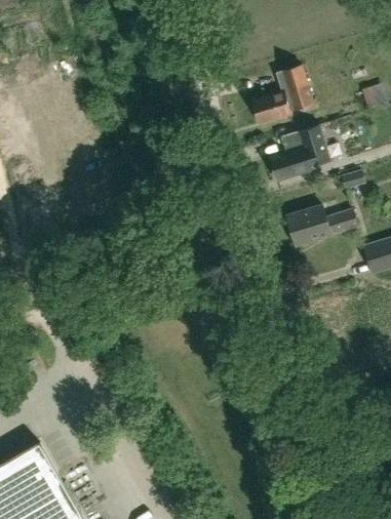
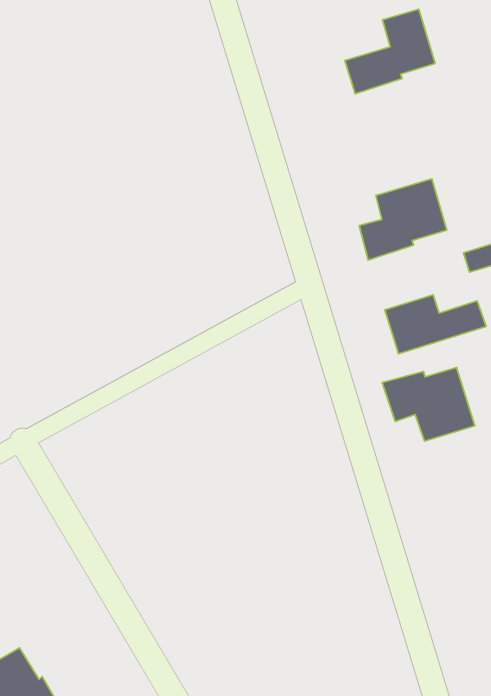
building: [250,67,312,124] -> [345,9,435,94]
building: none -> [382,367,475,441]

